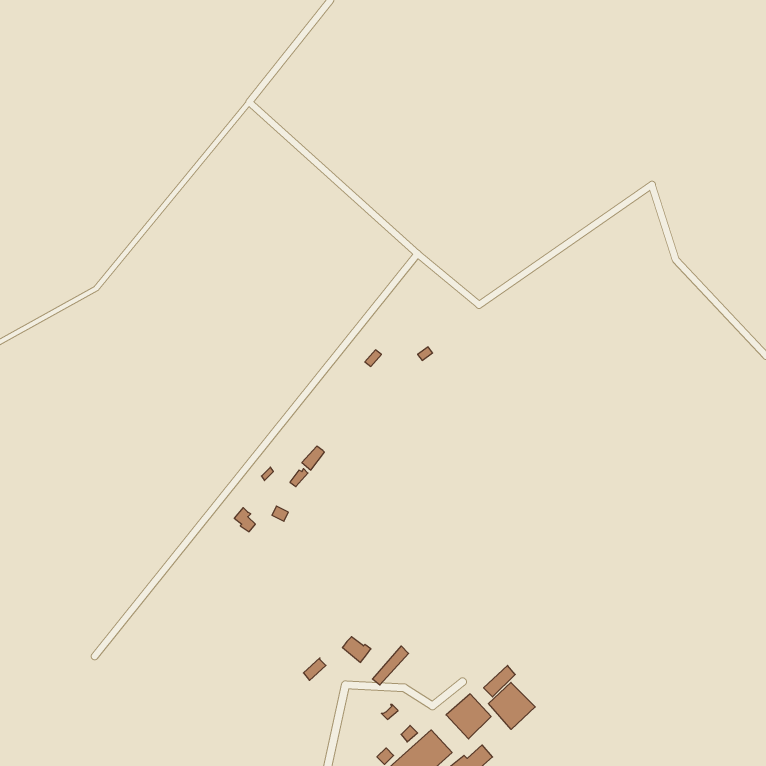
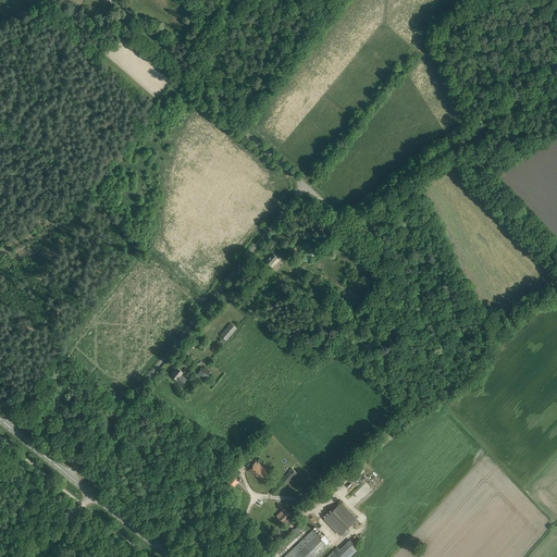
building: [488,682,535,729] -> none

